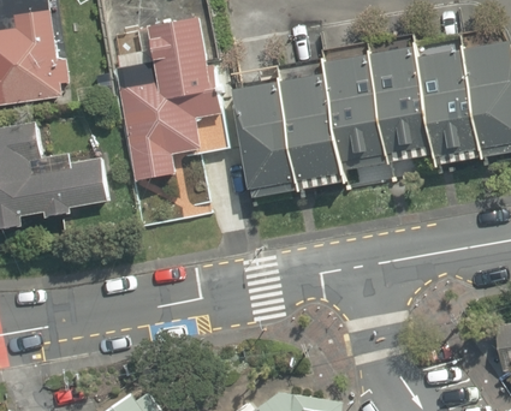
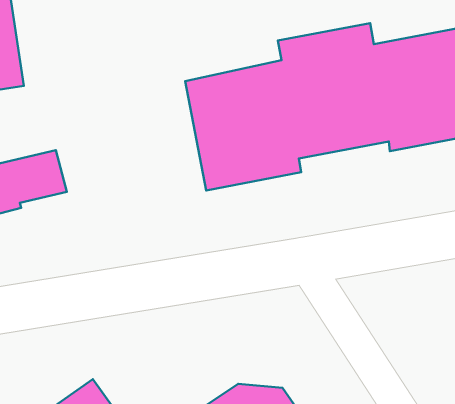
building: [123,22,230,179] -> none

